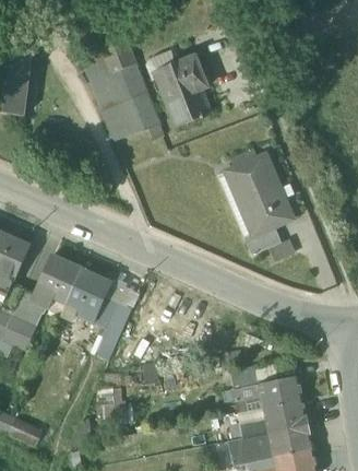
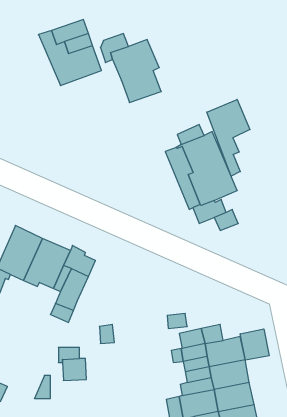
building: [100,85,158,138] -> none
building: none -> [207,99,250,176]
building: none -> [240,329,269,360]

